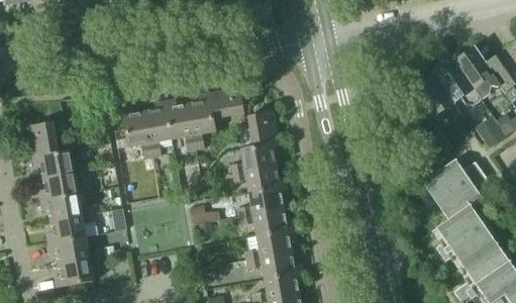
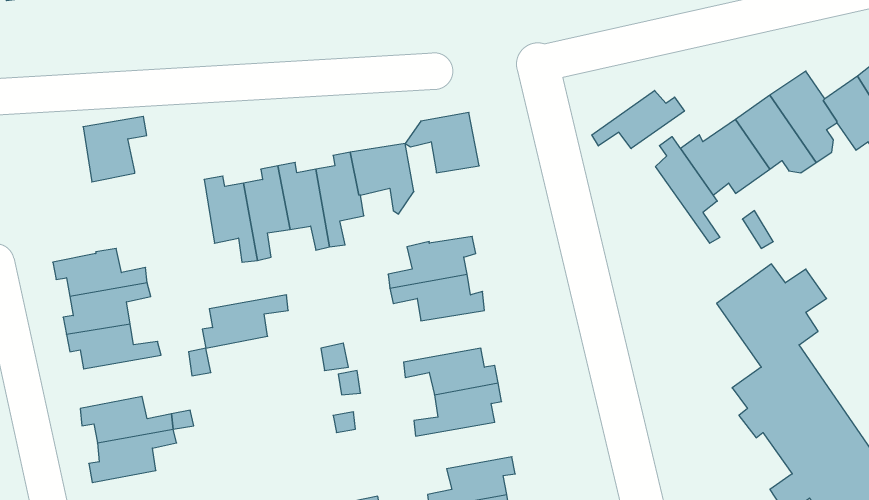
building: none -> [592,90,684,149]
building: none -> [656,137,720,243]
building: [235,111,279,146] -> [405,112,479,173]
building: [474,114,506,147] -> none
building: [27,119,65,158] -> [83,116,147,182]
building: [236,186,288,216] -> none
building: [46,212,97,243] -> [202,295,288,348]
building: [245,251,302,279] -> none

